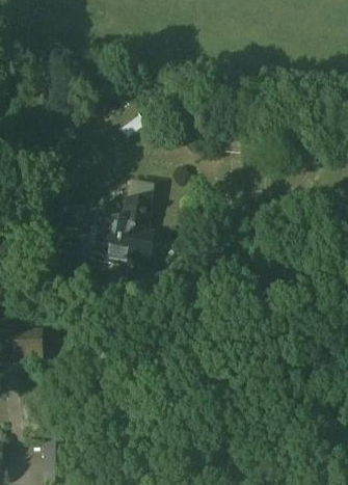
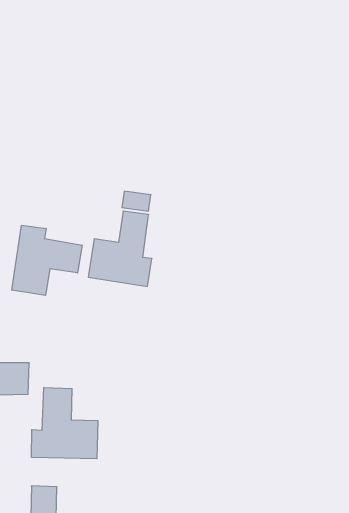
building: none -> [12,225,82,295]
building: none -> [32,387,98,459]

